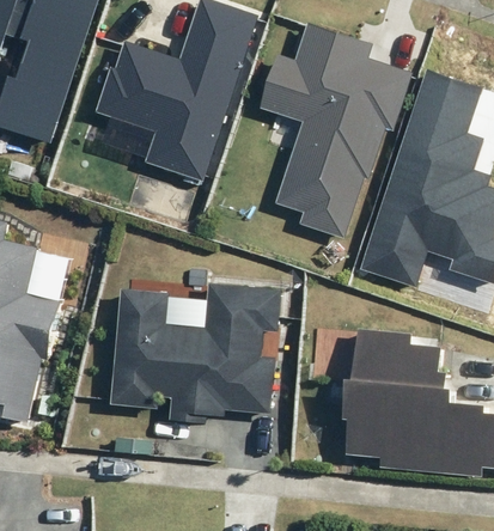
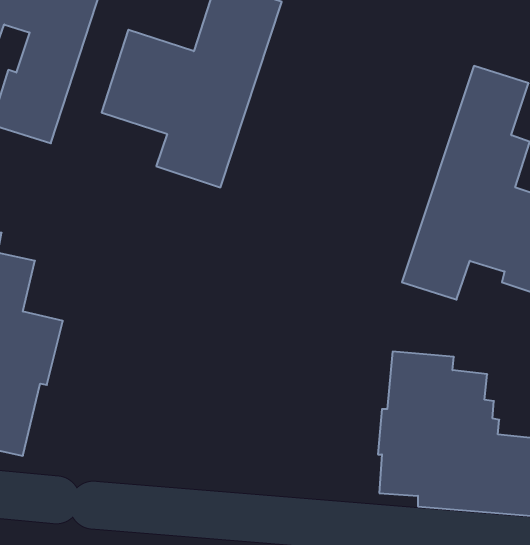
building: [260,24,411,239] -> none
building: [109,283,280,423] -> none

